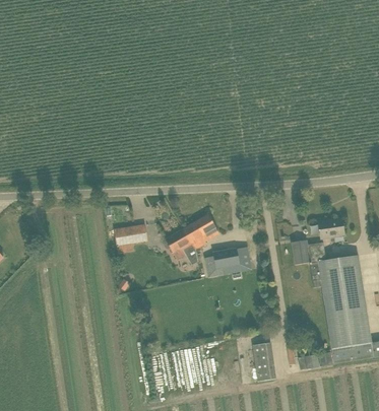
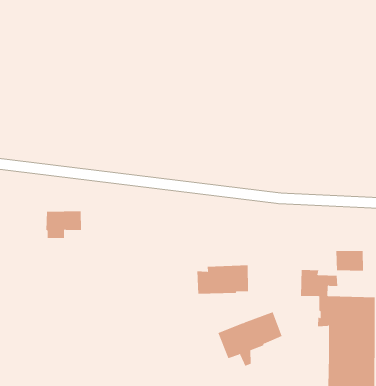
building: [164,213,218,263] -> [218,312,283,367]
building: [114,223,146,251] -> [46,211,82,239]

